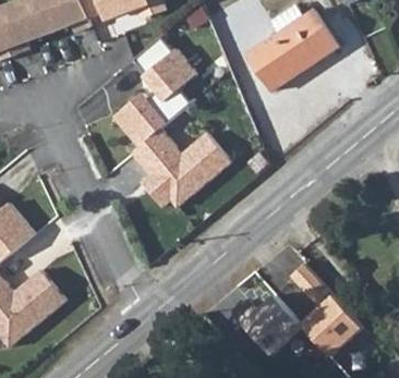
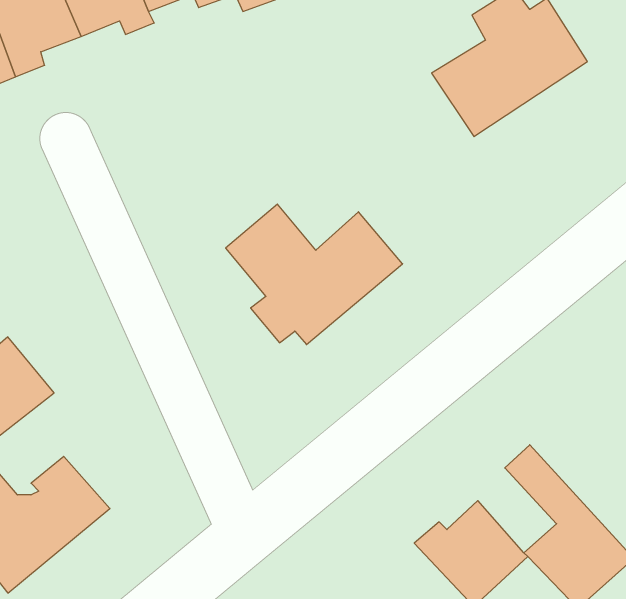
building: [113,36,197,147] -> none

